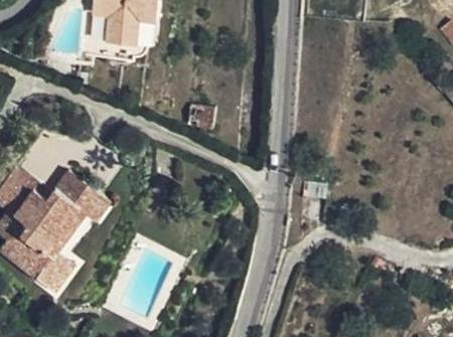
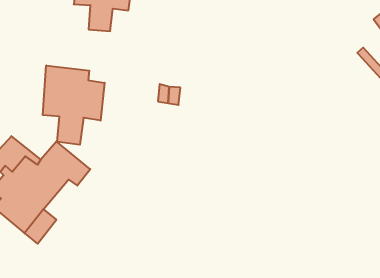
building: none -> [43,65,105,145]

